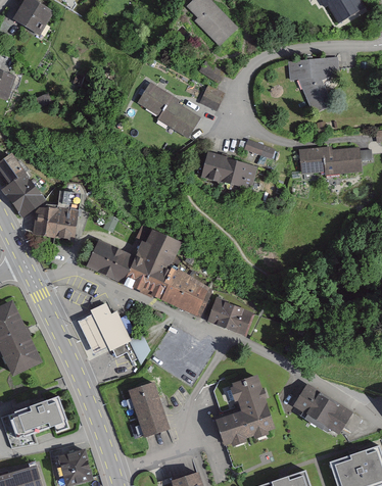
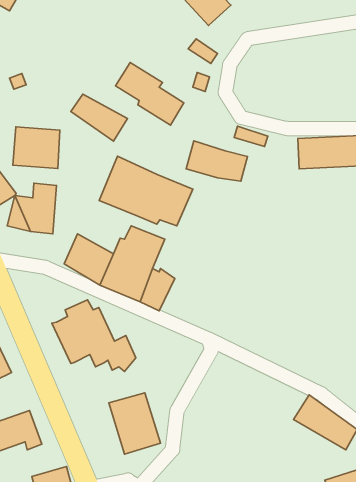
building: [291,54,342,109] -> none
building: none -> [71,94,128,141]
building: none -> [13,127,60,168]
building: none -> [99,156,193,226]
building: [175,278,210,318] -> none
building: [205,297,252,336] -> none
building: [216,376,284,448] -> none

